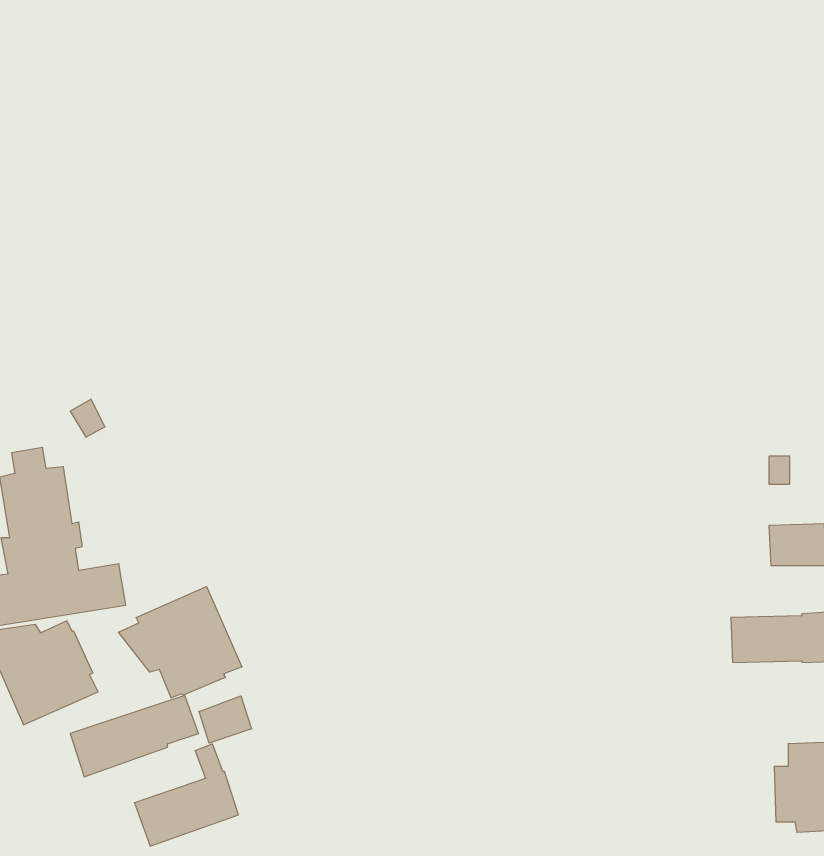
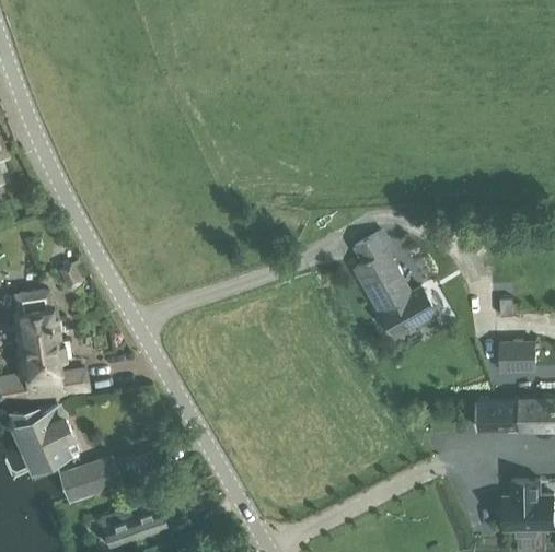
building: none -> [352,231,433,338]
building: [119,587,242,698] -> none
building: [199,696,252,743] -> none

